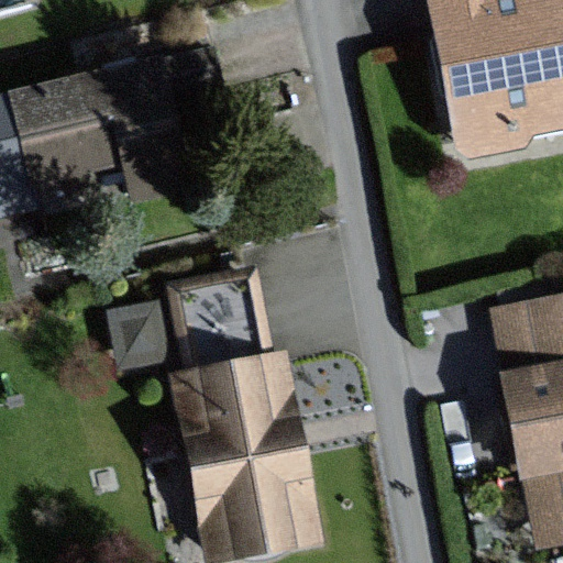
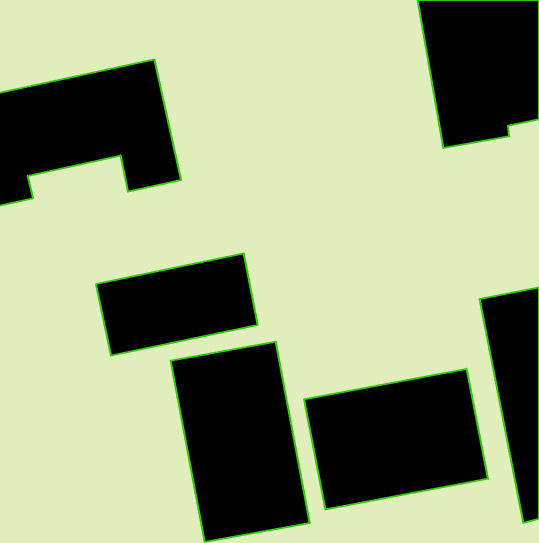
building: none -> [304,369,488,510]

